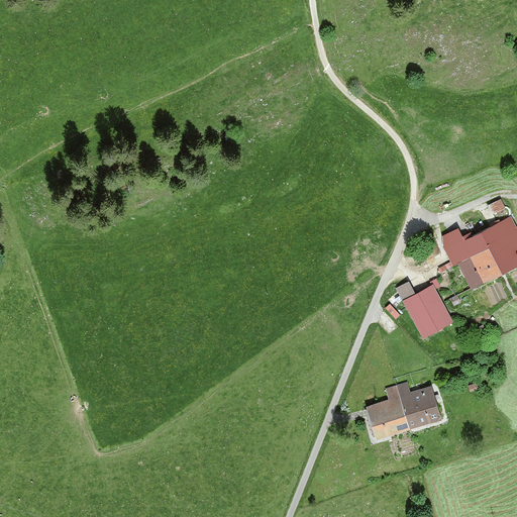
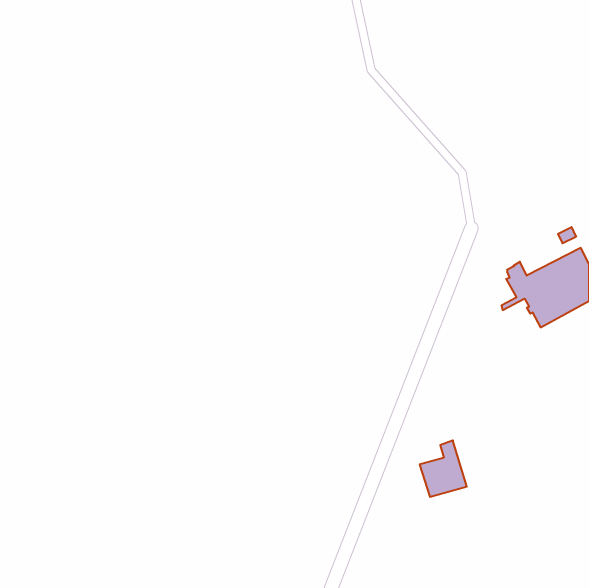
building: [396,280,452,337] -> none
building: [397,384,440,427] -> none

